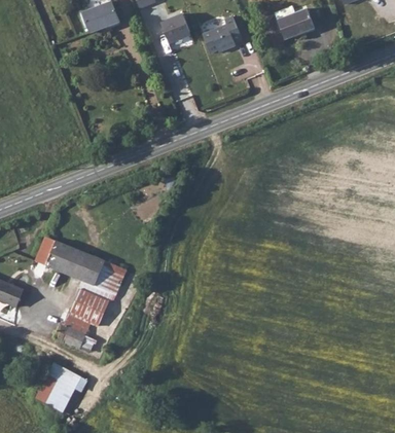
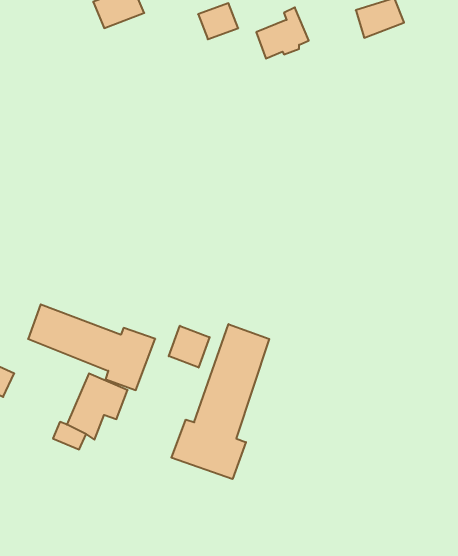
building: none -> [171,324,269,479]
building: none -> [169,326,210,368]
building: [34,361,87,416] -> none

